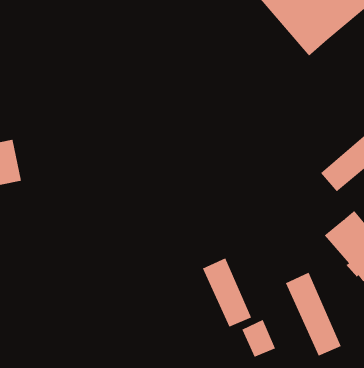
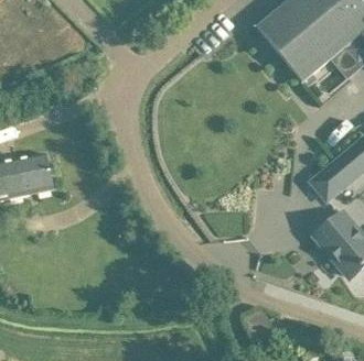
building: [202,258,252,328] -> none
building: [285,272,341,356] -> none

